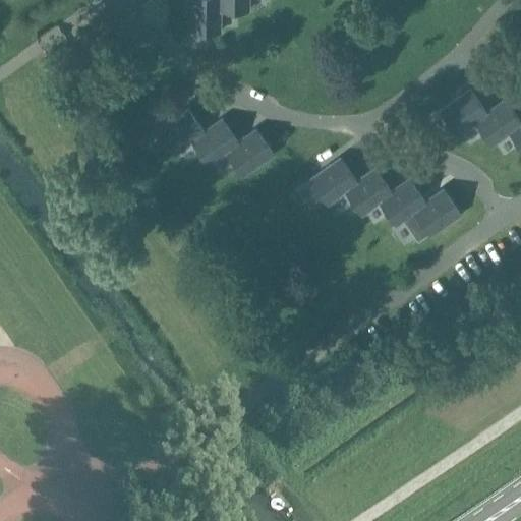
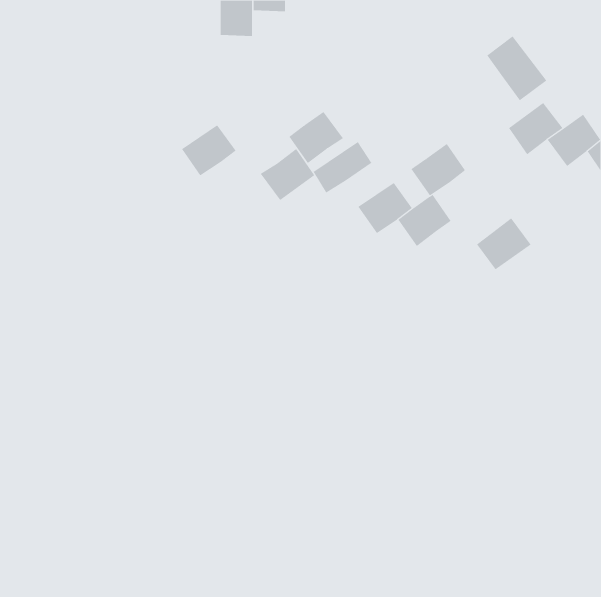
building: none -> [487,36,547,101]
building: [191,121,239,167] -> [289,111,344,164]
building: none -> [313,141,372,193]
building: [378,181,425,227] -> [411,143,466,196]

